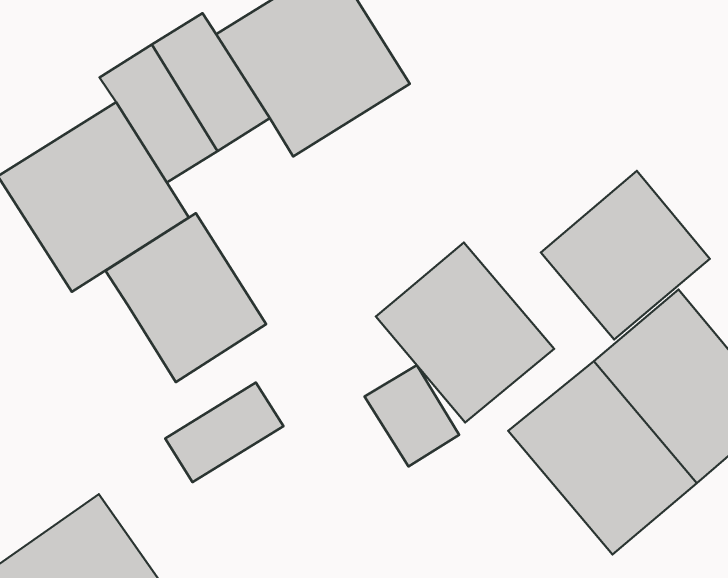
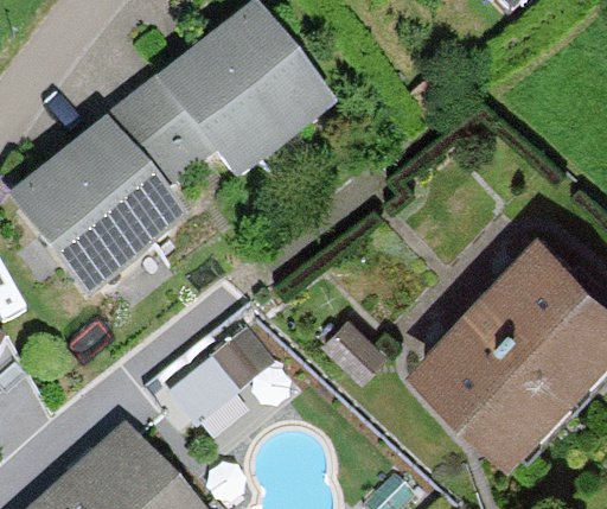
building: [541,171,710,340] -> none
building: [106,213,266,382] -> none
building: [376,242,554,423] -> none

